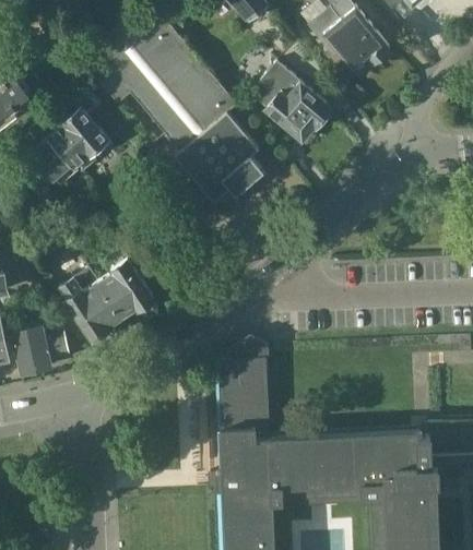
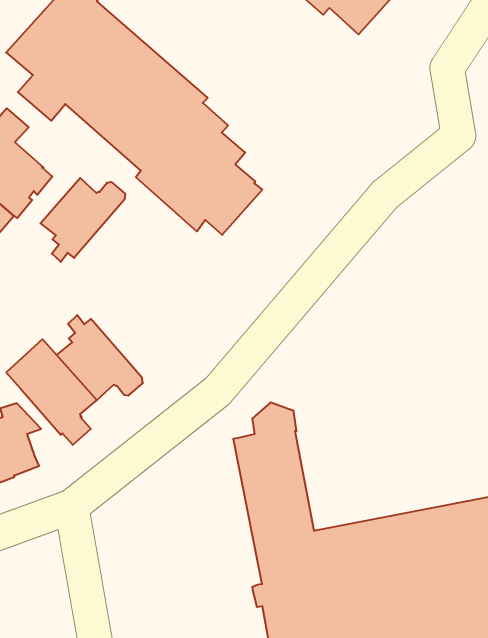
building: [250,64,330,143] -> none
building: none -> [40,178,125,262]

